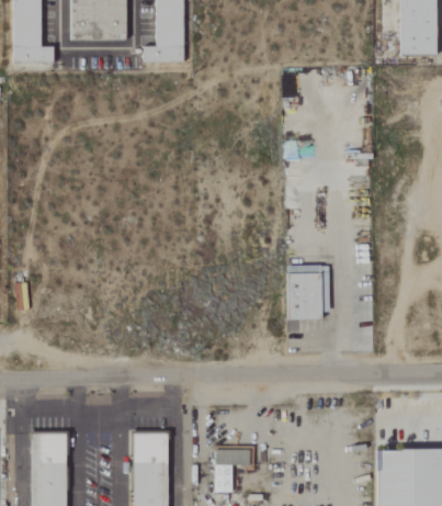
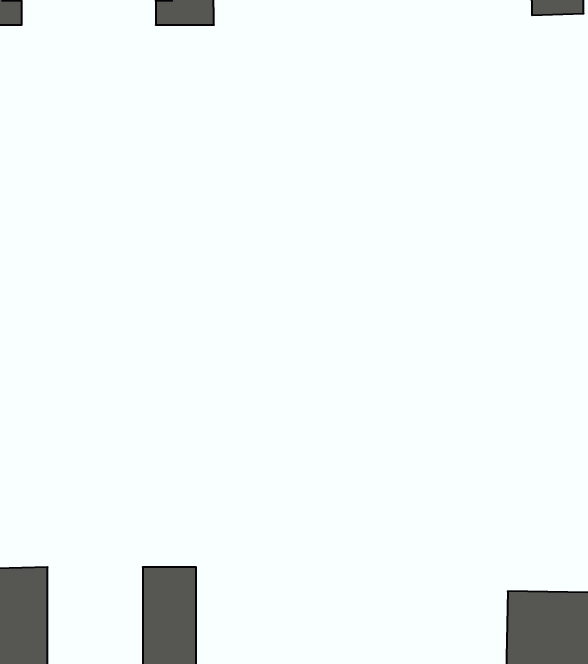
building: [285,267,329,321] -> none
building: [214,449,250,494] -> none

